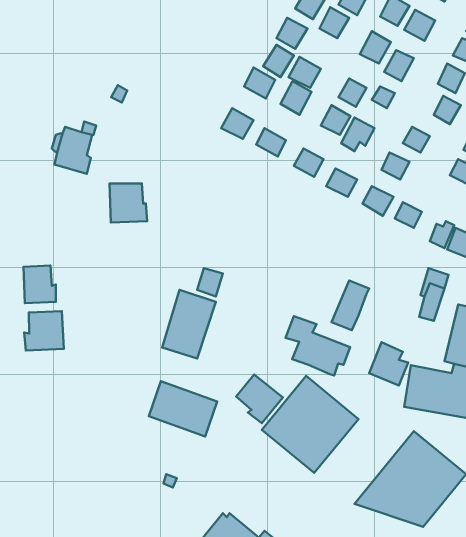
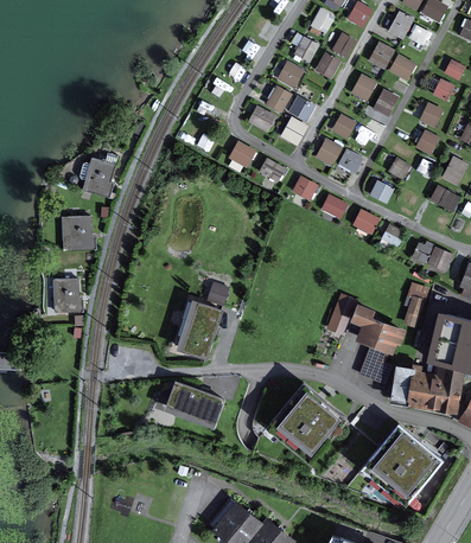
building: [110,183,147,222] -> [62,216,95,250]
building: [24,311,64,350] -> none
building: [286,316,350,375] -> [349,304,406,356]
building: [236,374,283,423] -> none

